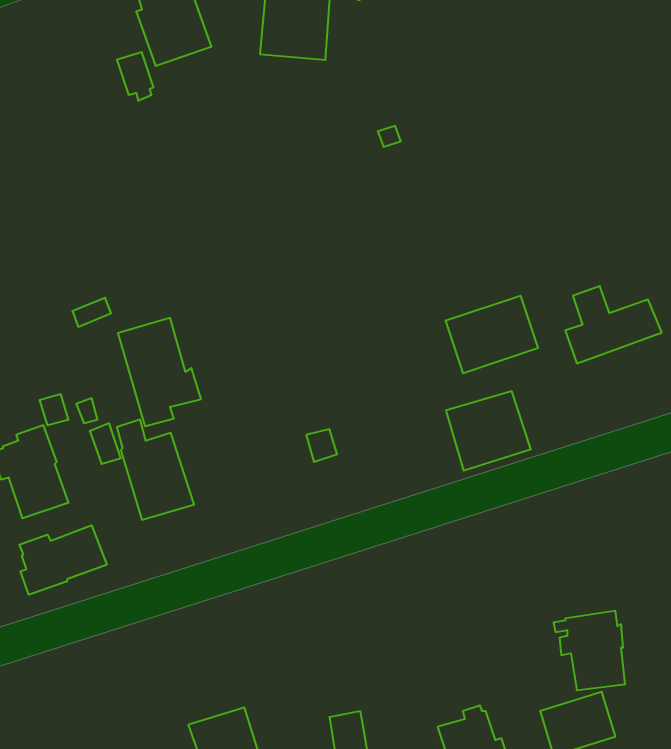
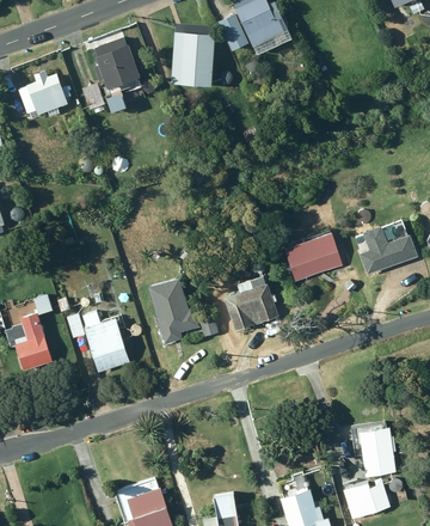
building: none -> [26,71,70,115]
building: [118,318,201,426] -> [148,277,199,344]
building: [446,391,531,470] -> [227,276,280,325]
building: [20,525,107,595] -> none

